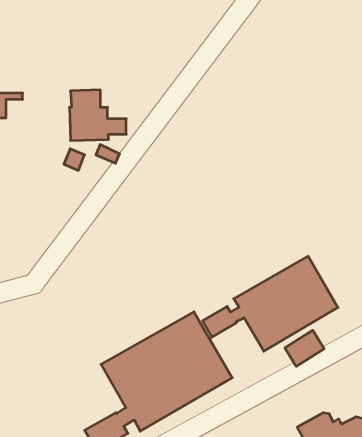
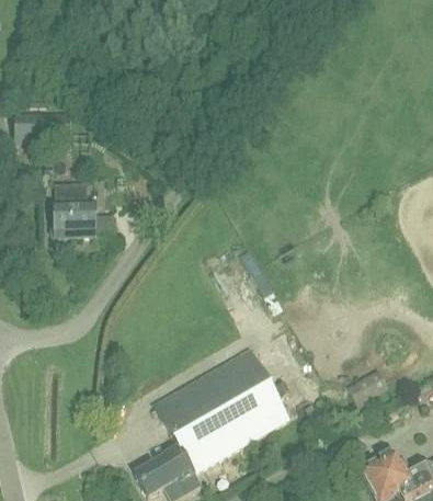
building: [69,90,126,140] -> [55,184,115,238]
building: [203,256,338,351] -> none

